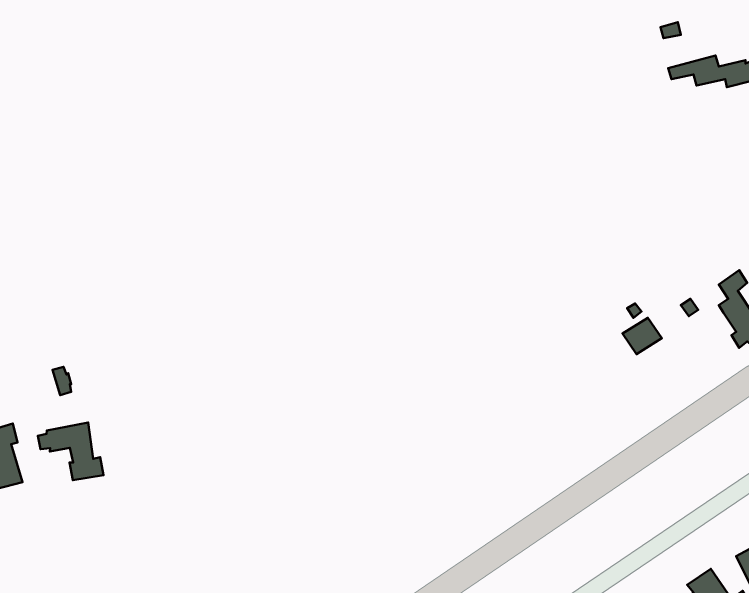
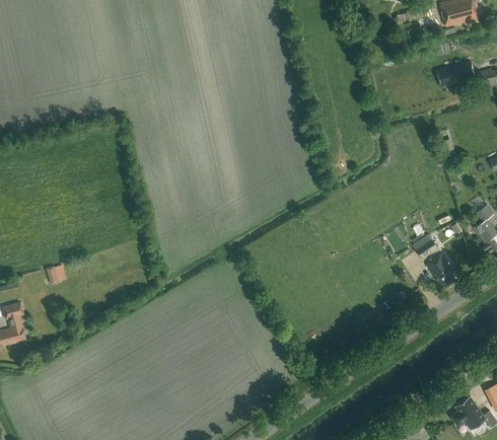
building: none -> [425,253,454,287]
building: [38,423,104,480] -> none

